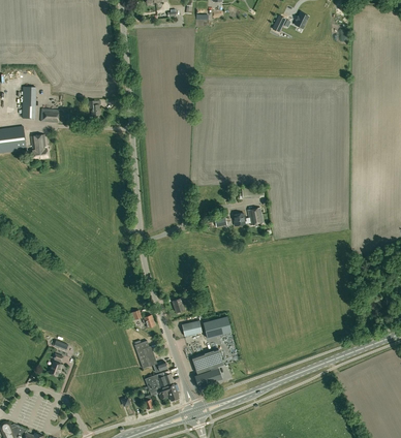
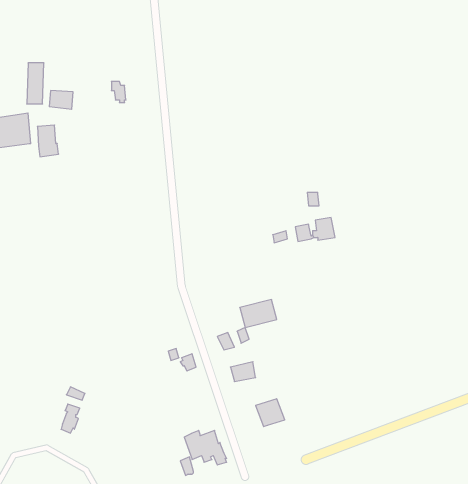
building: [203,316,232,338] -> [240,300,277,327]
building: [134,341,167,372] -> none
building: [192,354,222,386] -> none

